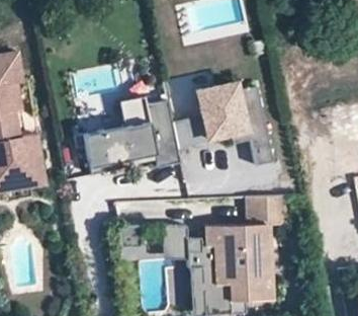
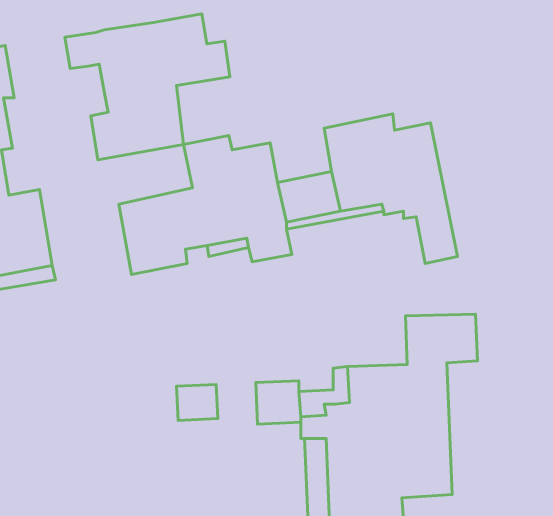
building: none -> [65,14,230,160]

